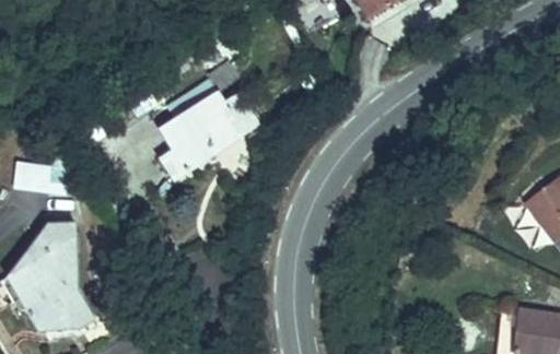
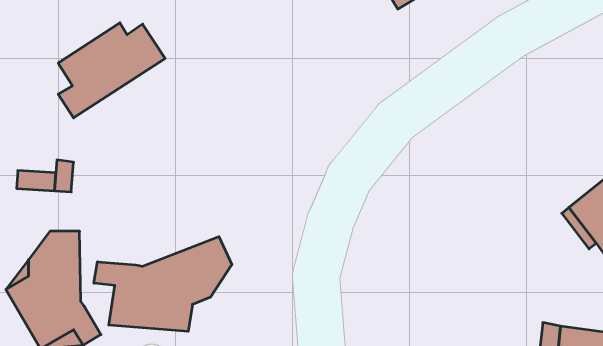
building: [162,92,260,179] -> [58,23,165,118]
building: none -> [94,237,232,331]

